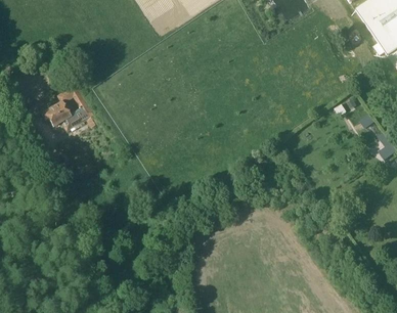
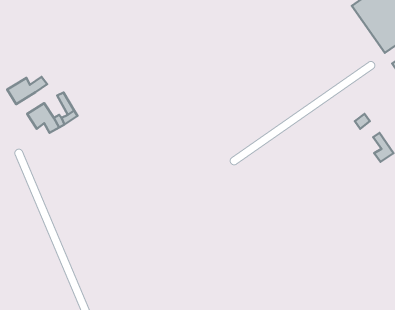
building: none -> [7,77,47,104]

